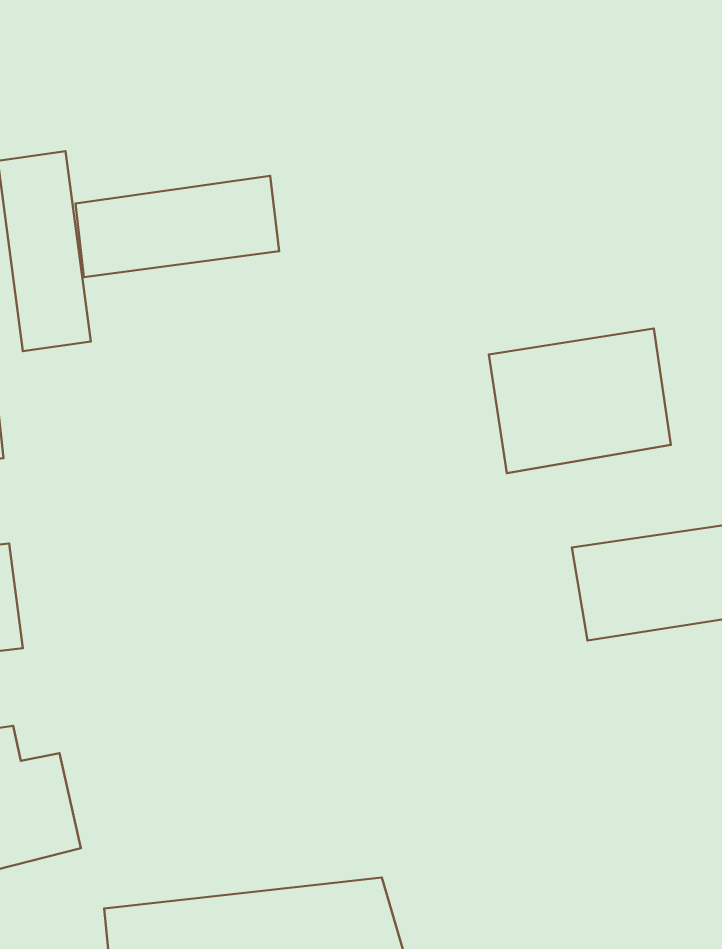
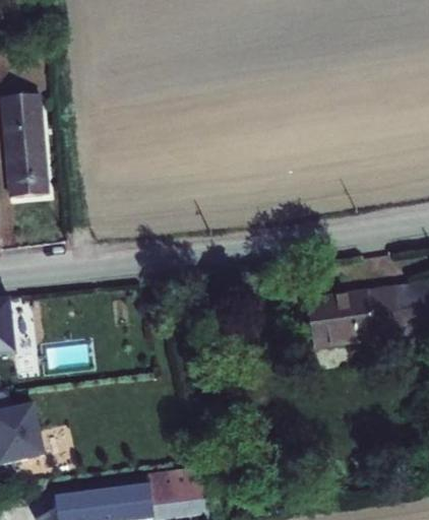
building: [75,176,279,277] -> none
building: [489,328,671,473] -> none

